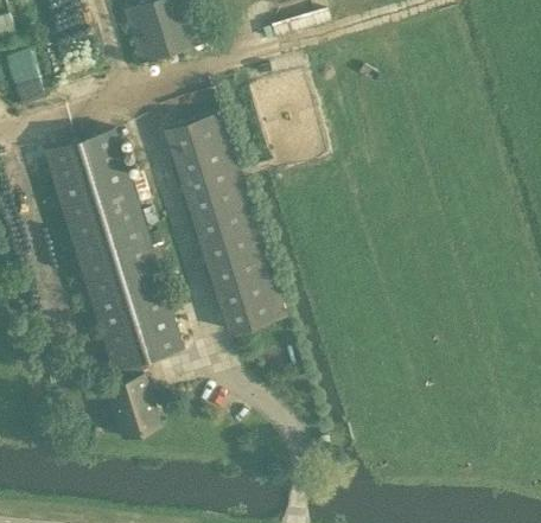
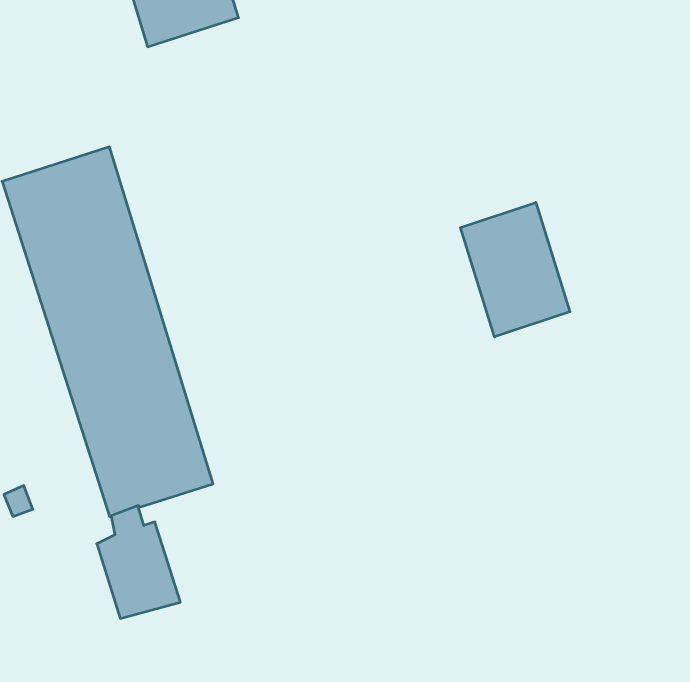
building: [165,113,285,334] -> none
building: none -> [460,202,570,337]

